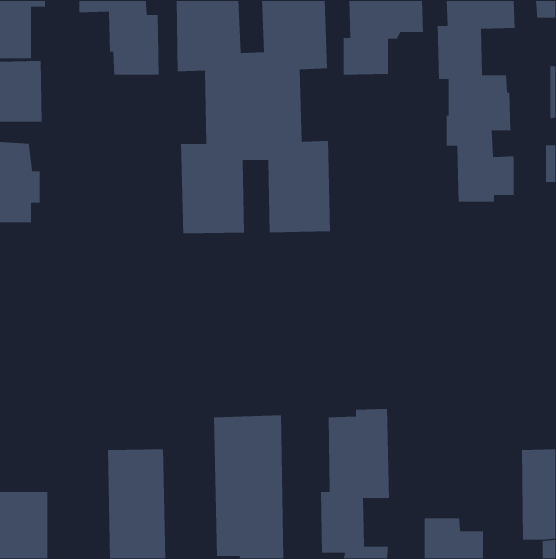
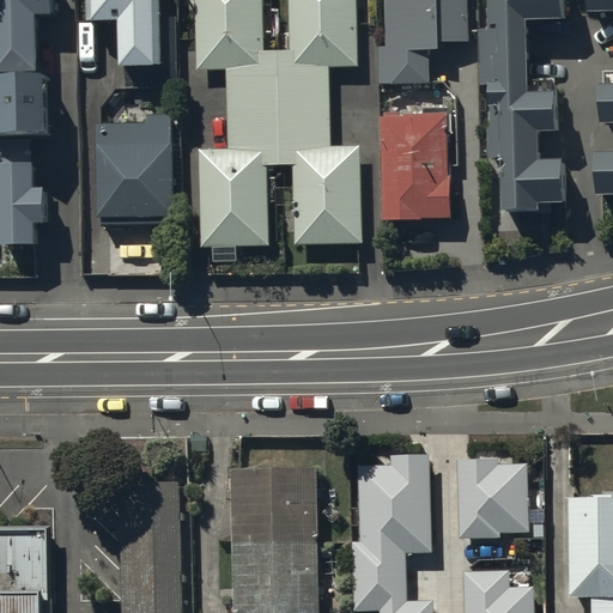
building: none -> [98,115,172,218]
building: none -> [381,121,453,231]
building: none -> [461,453,523,532]

